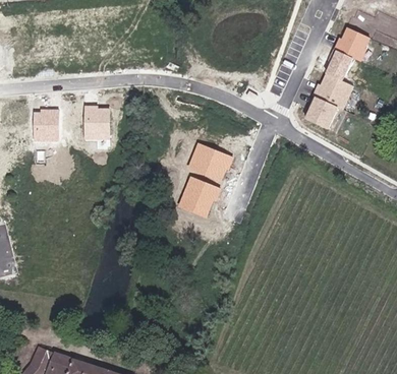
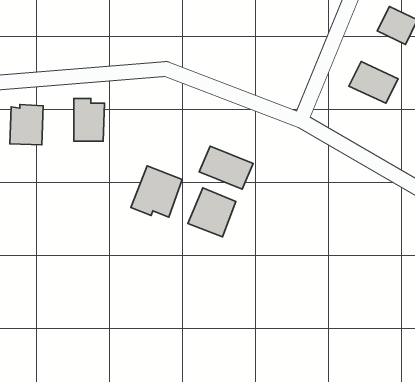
building: [326,50,353,79] -> none
building: [304,97,339,130] -> none
building: none -> [131,166,182,217]

